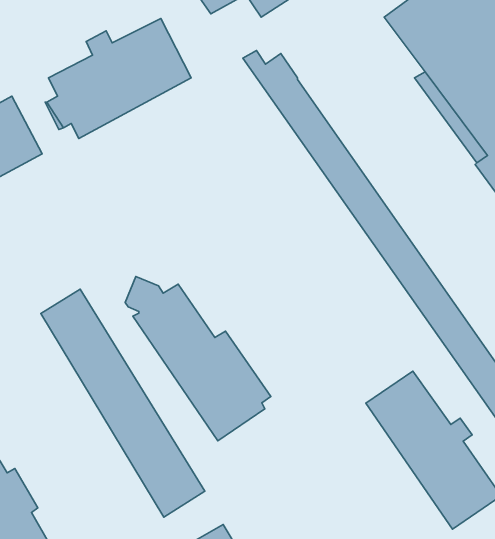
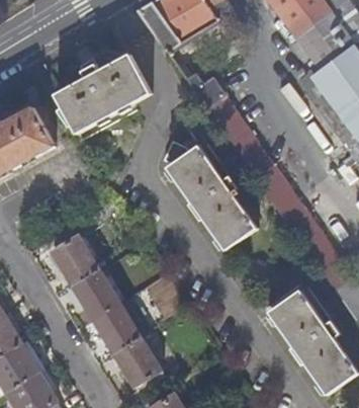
building: [125,277,271,441] -> [165,141,262,250]

